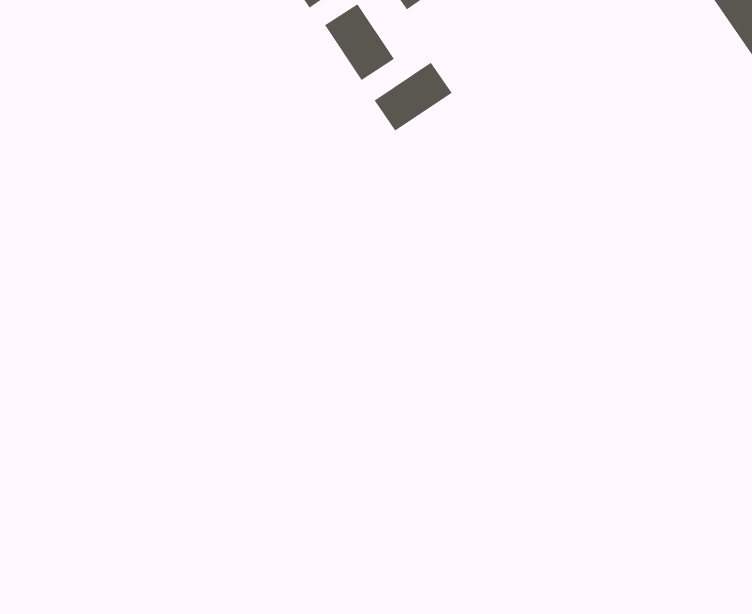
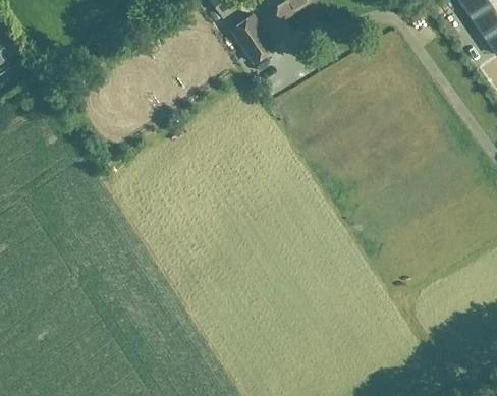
building: [374,62,452,131] -> none

